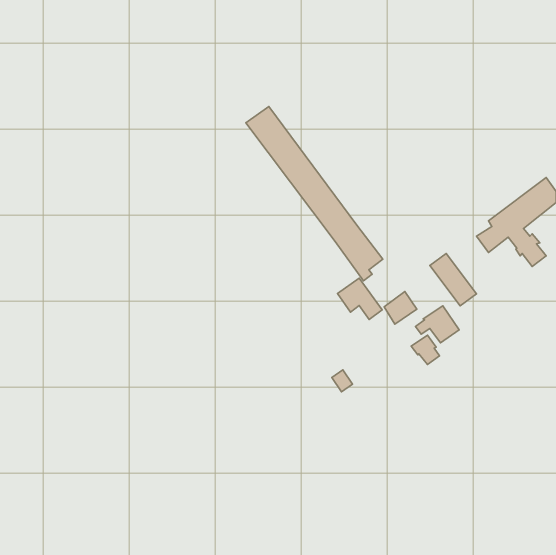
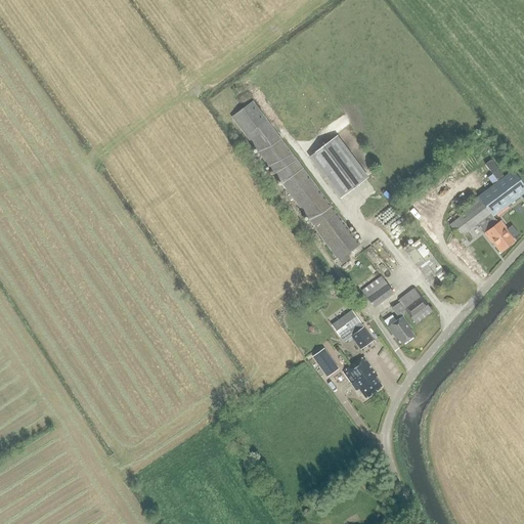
building: none -> [310,137,366,196]
building: [338,278,382,320] -> [331,309,373,348]
building: none -> [343,356,381,396]

